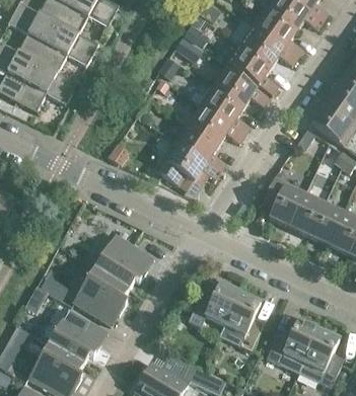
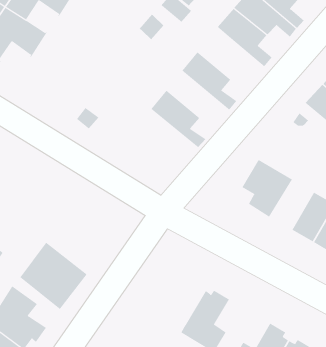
building: [211,67,270,108] -> none
building: [187,104,244,145] -> none
building: [155,141,220,186] -> none
building: [289,191,326,236] -> none
building: [93,234,154,293] -> none
building: [186,284,238,331] -> none

